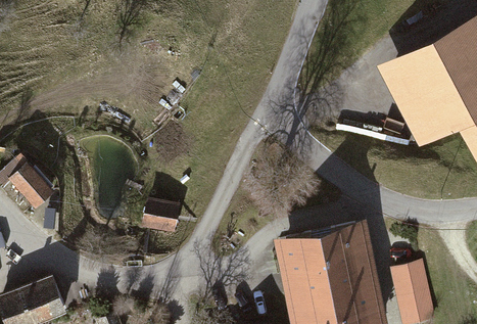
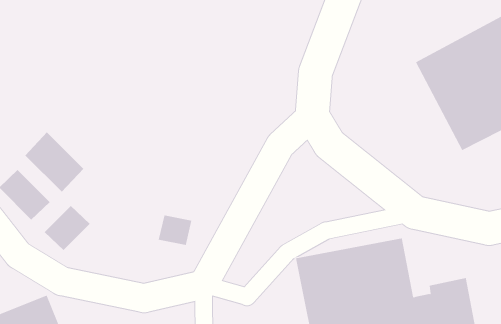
building: none -> [24,132,84,193]
building: none -> [44,205,91,251]

